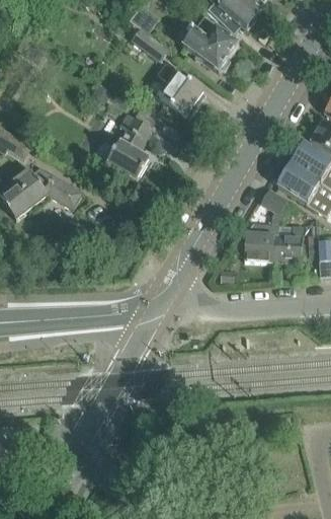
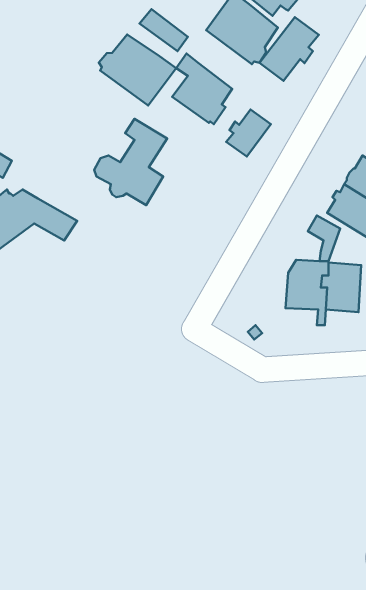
building: none -> [260,17,319,81]
building: none -> [99,35,176,106]
building: none -> [226,109,271,157]

